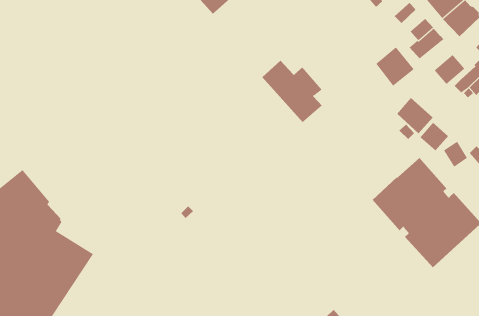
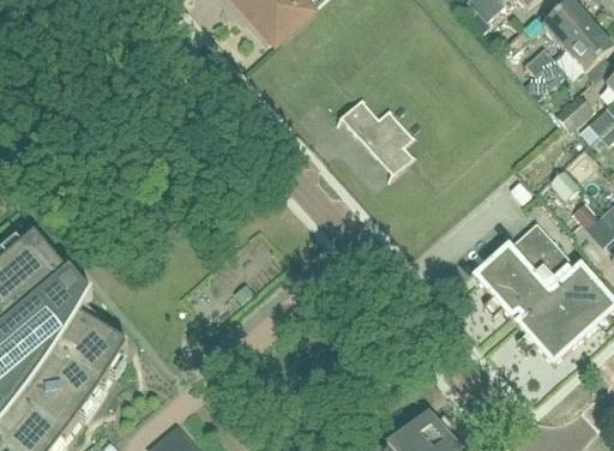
building: [375,47,414,86] -> none
building: [397,97,434,134] -> none

